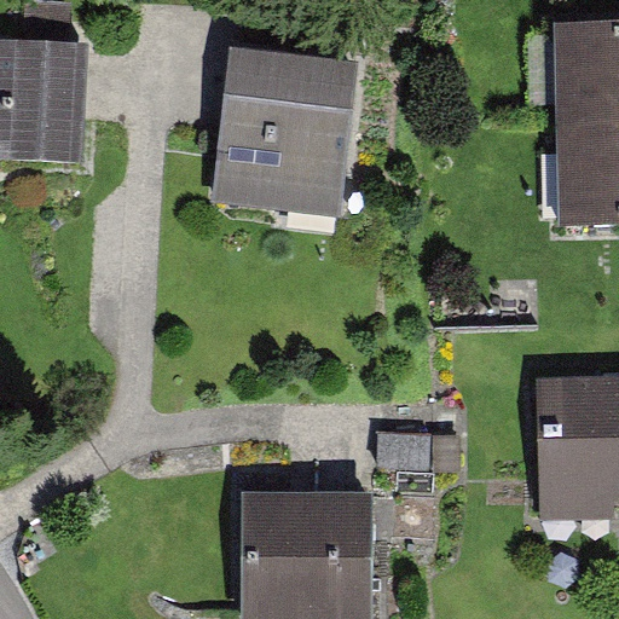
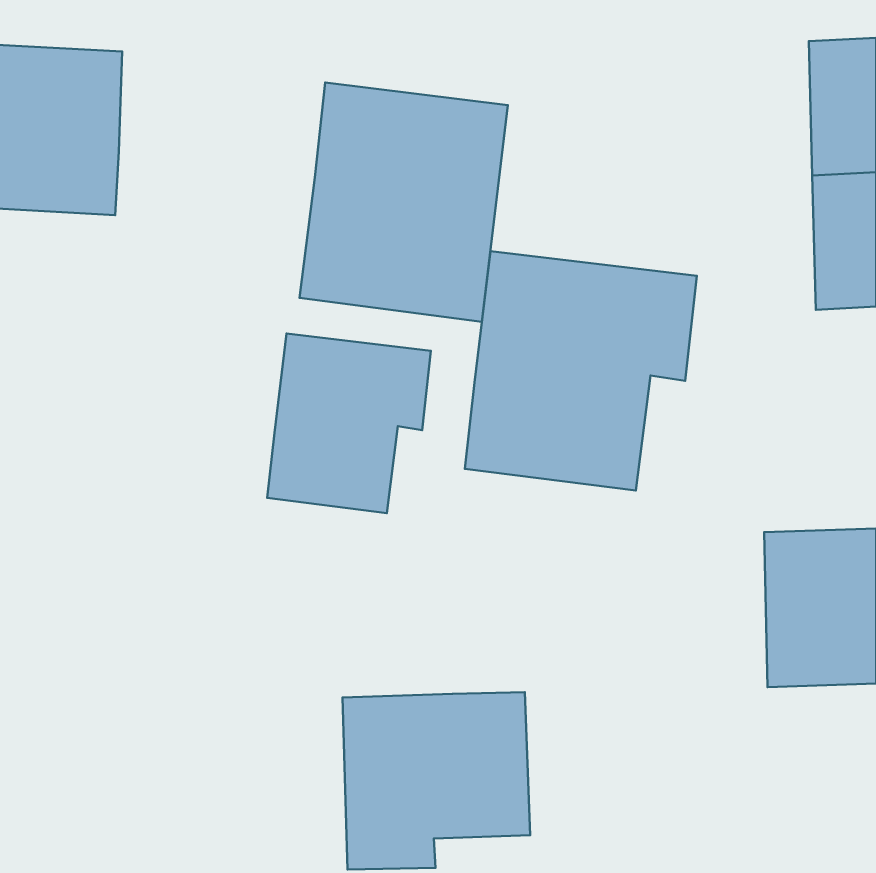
building: none -> [465,251,697,490]
building: none -> [267,334,431,513]

